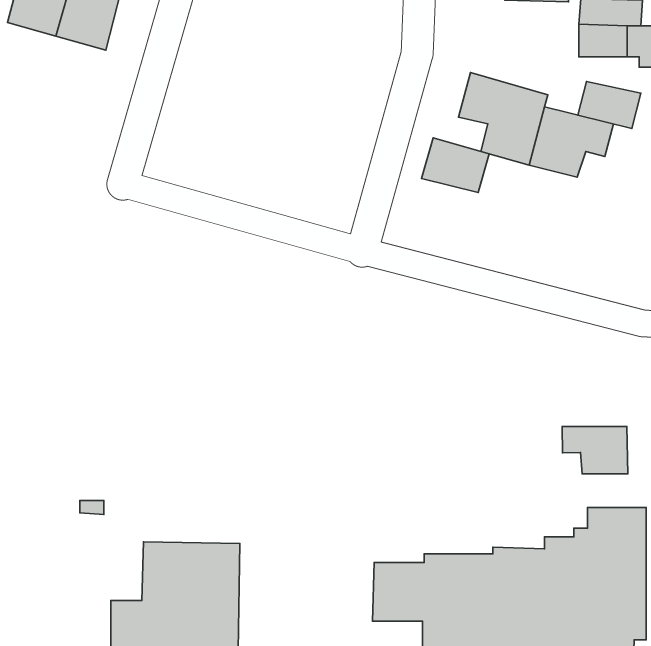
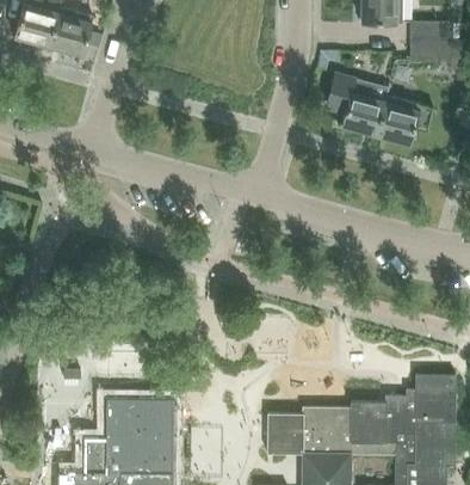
building: [578,82,641,129] -> none
building: [421,138,489,192] -> none
building: [562,427,628,474] -> none

